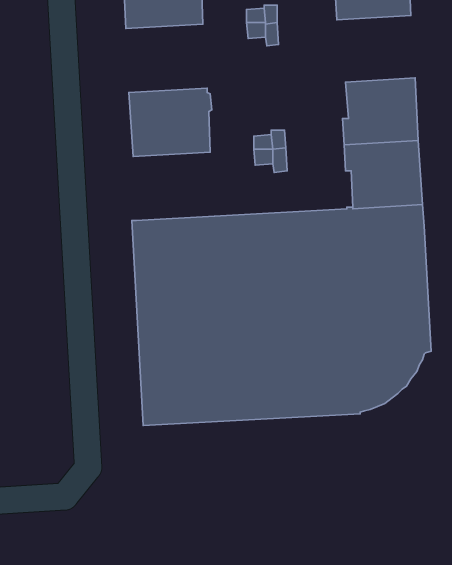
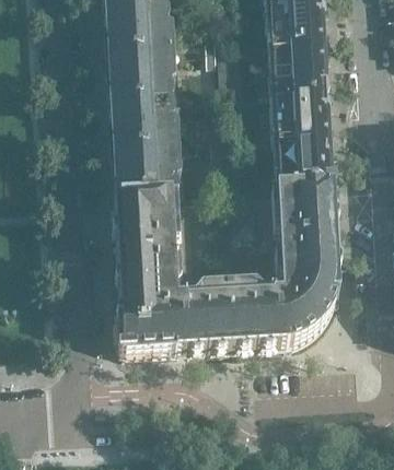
building: none -> [268,42,327,92]
building: none -> [109,48,173,99]
building: none -> [115,144,178,196]

